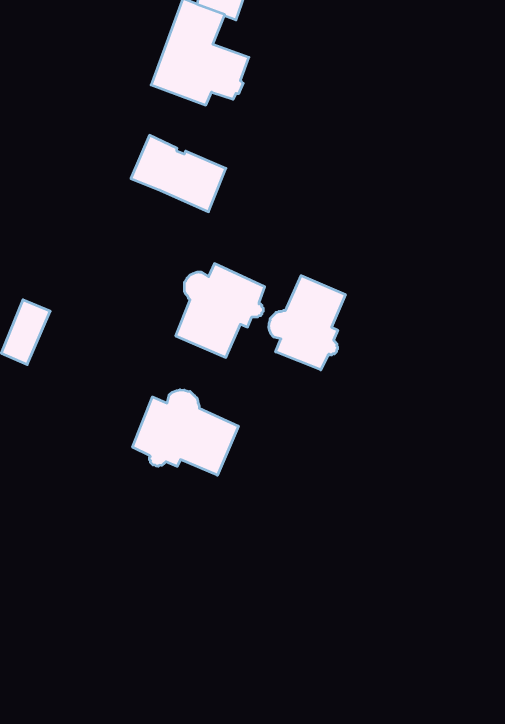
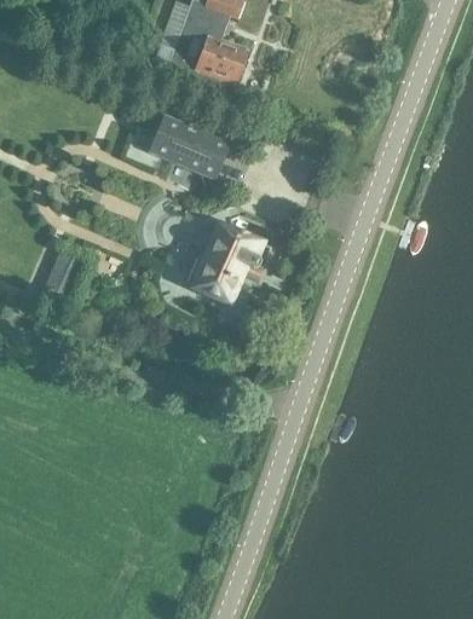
building: [269,276,345,370] -> none
building: [133,390,238,475] -> none

